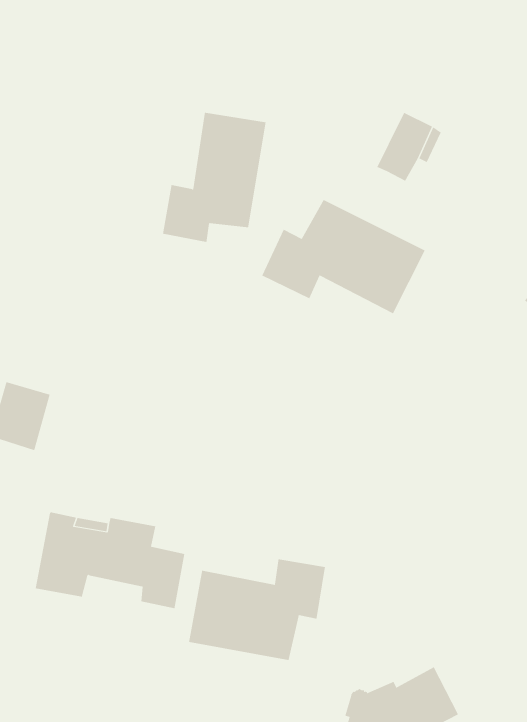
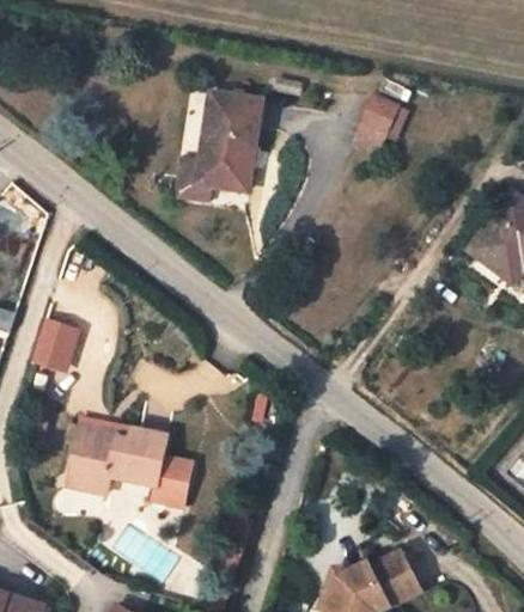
building: [261,199,425,314] -> none
building: [188,559,325,661] -> none

